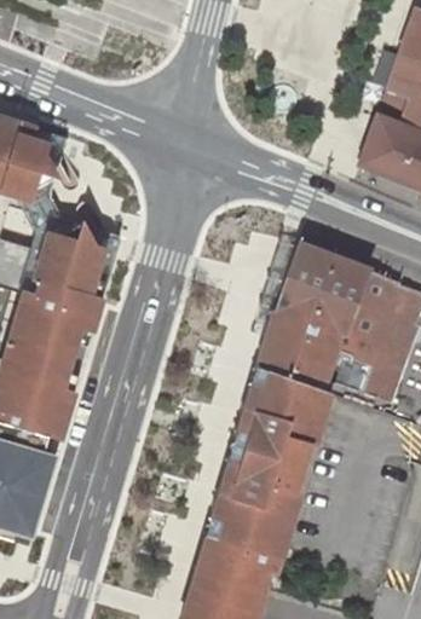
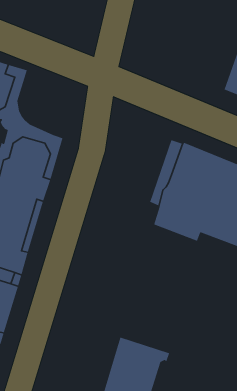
building: [206,368,330,559] -> none

